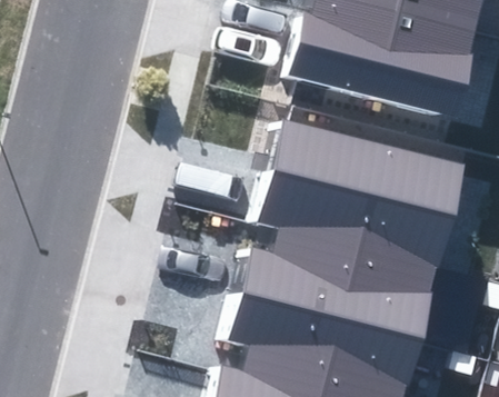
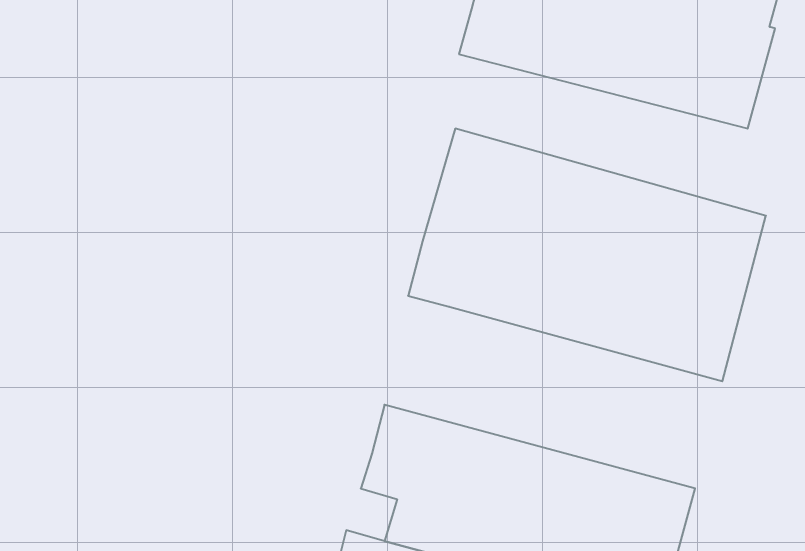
building: [237,226,443,337] -> none

